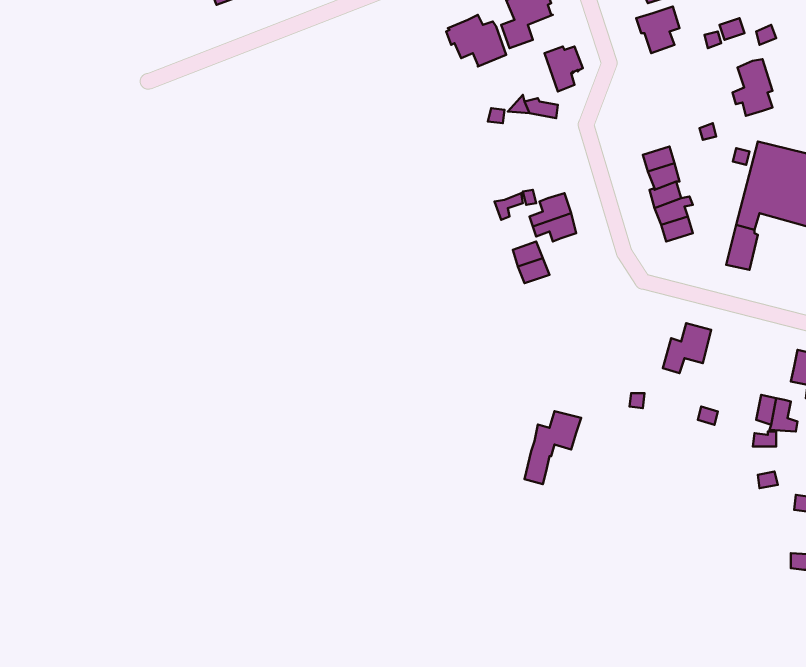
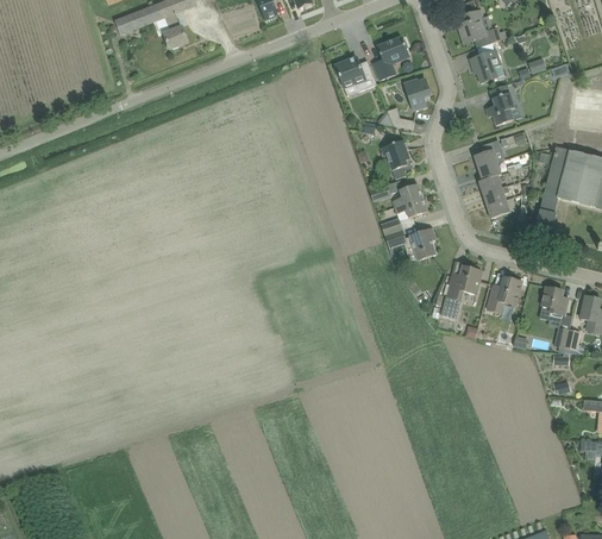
building: [732,59,772,116] -> [485,84,514,125]
building: none -> [381,140,410,178]
building: none -> [409,228,435,259]
building: none -> [539,287,567,320]
building: [524,411,581,484] -> [441,267,482,319]

